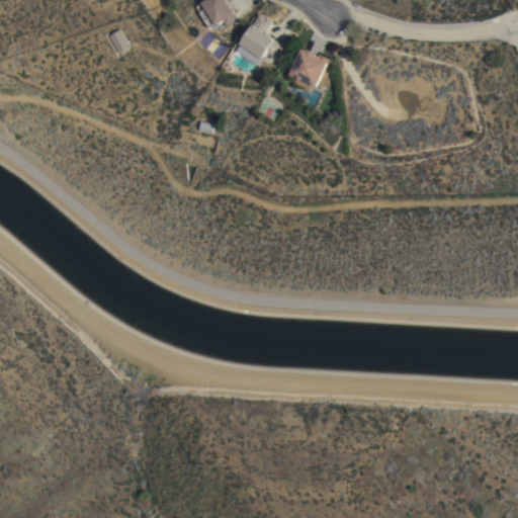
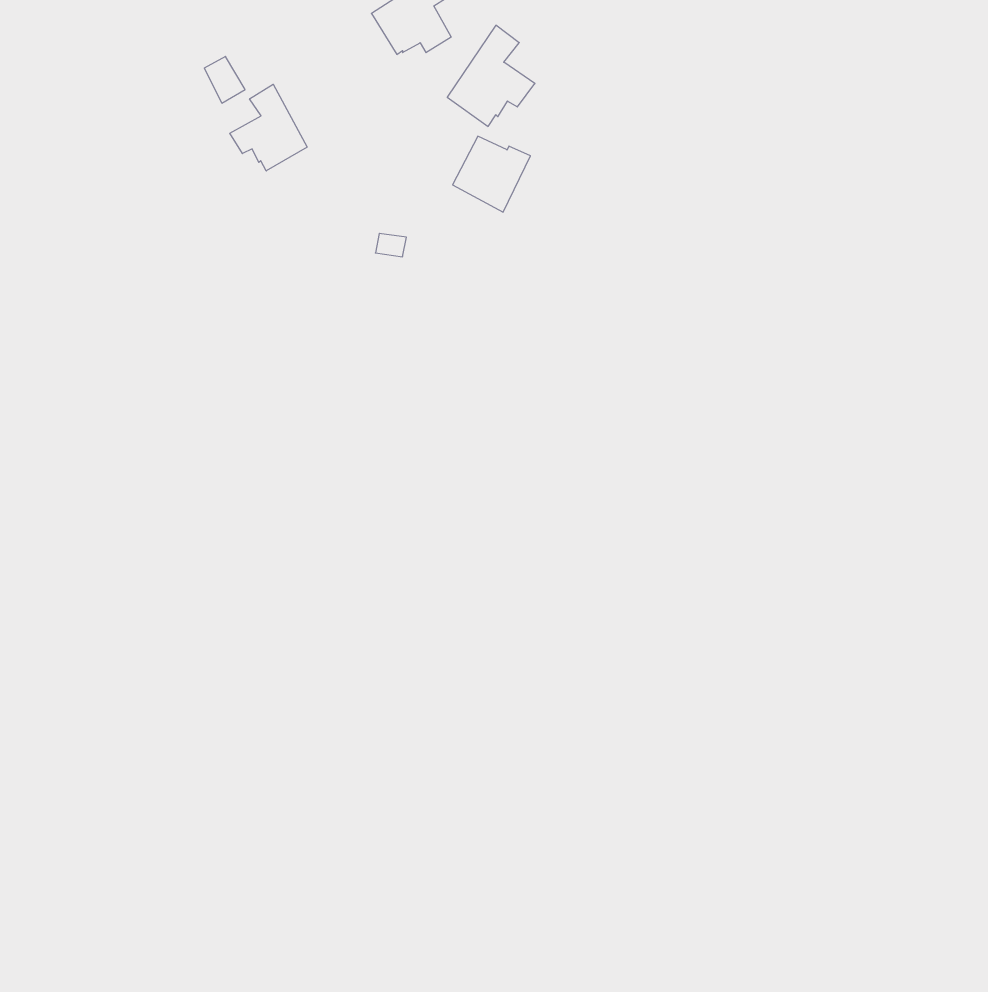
building: none -> [230,84,307,171]
building: [287,48,328,87] -> [453,136,530,212]

